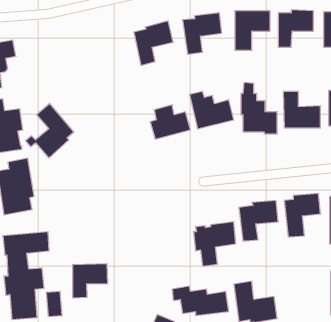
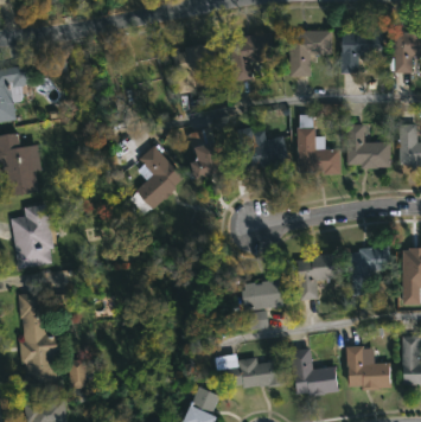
building: [26,104,74,158] -> [126,145,183,209]
building: [73,264,107,298] -> none
building: none -> [346,346,390,390]

